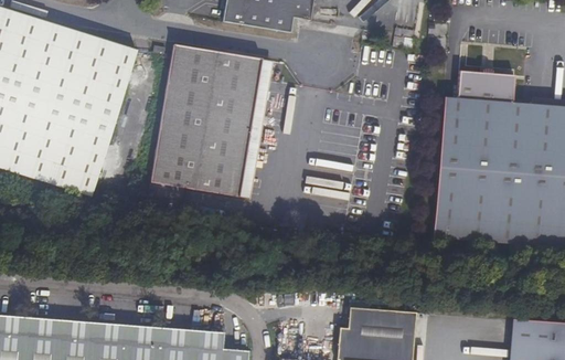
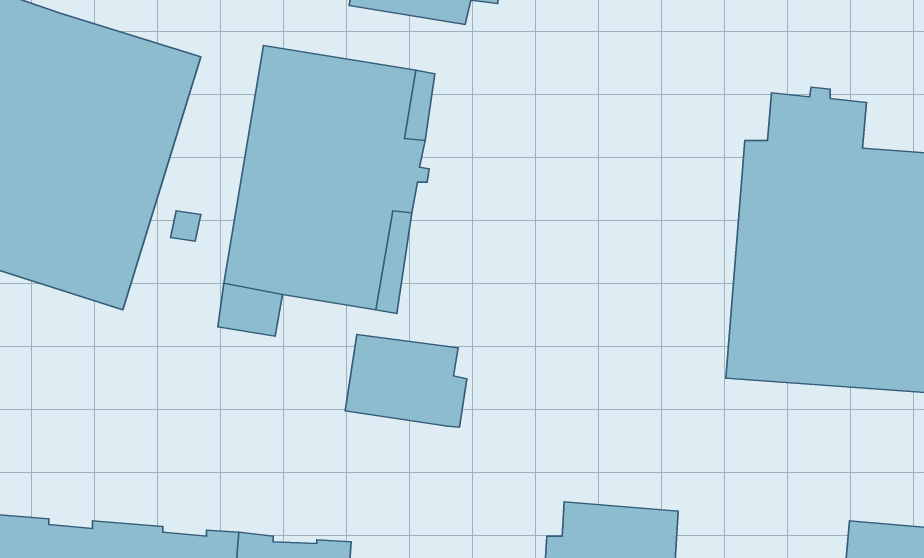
building: none -> [345,334,467,427]

